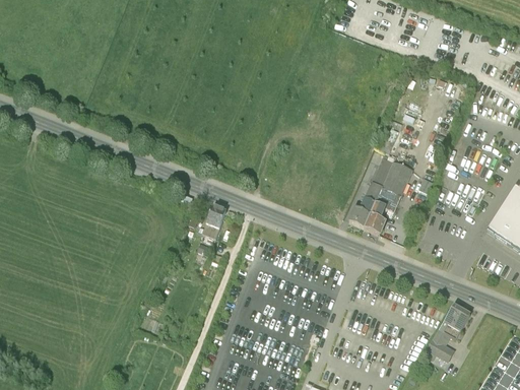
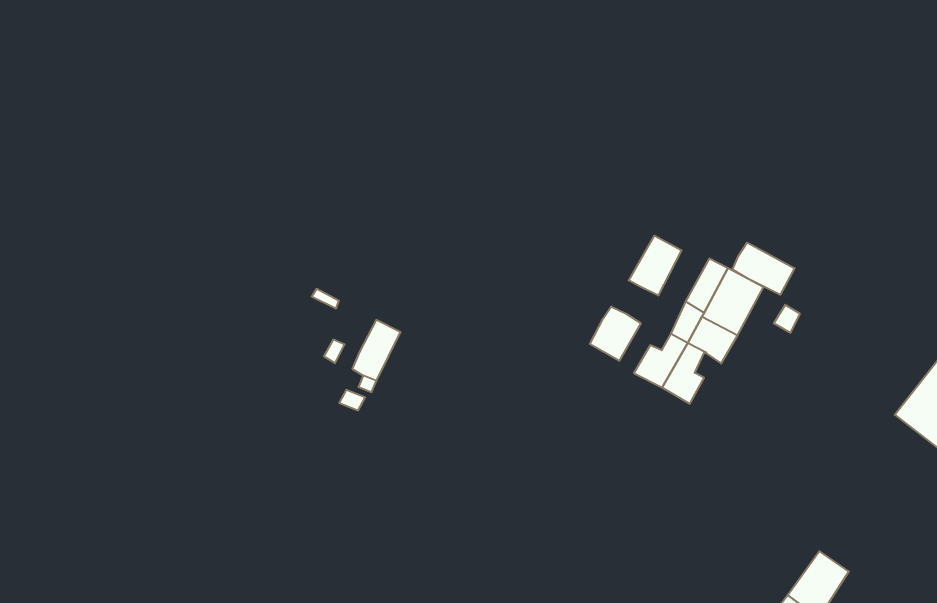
building: none -> [733,243,795,295]
building: none -> [629,236,682,296]
building: none -> [590,306,641,361]

